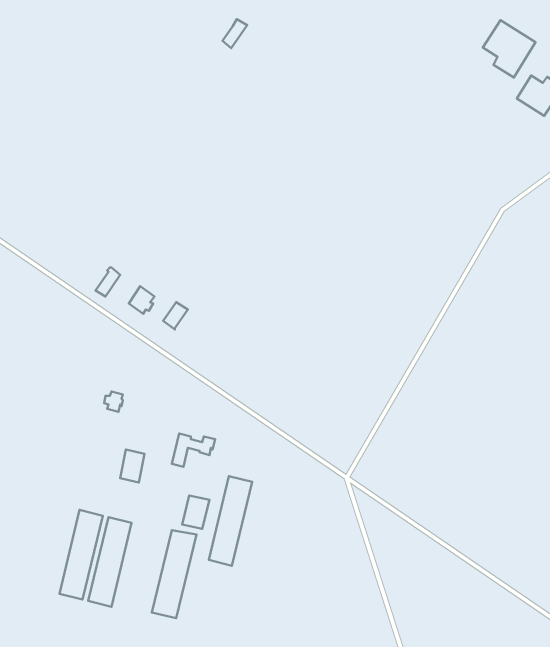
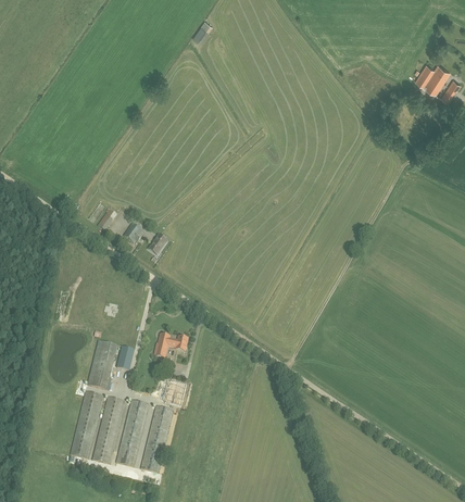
building: [483,20,535,77] -> none
building: none -> [87,339,117,389]
building: [209,476,252,566] -> [116,399,149,466]

